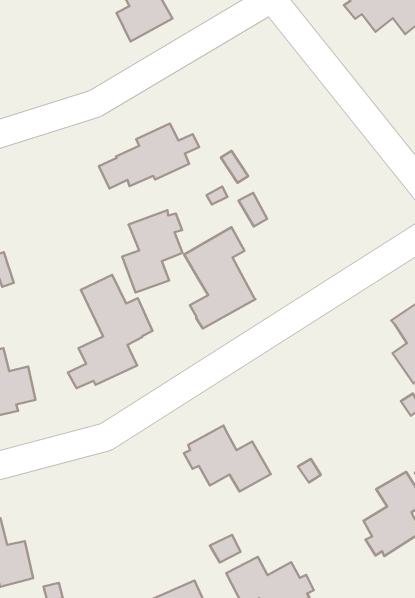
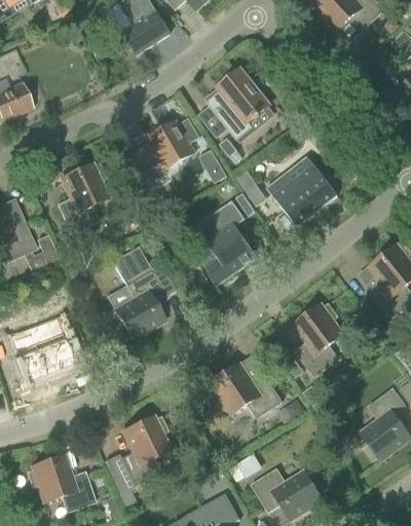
building: none -> [206,67,269,139]
building: none -> [266,164,337,226]
building: [122,210,183,293] -> [58,162,107,232]
building: none -> [294,303,342,375]
building: none -> [106,415,169,506]

